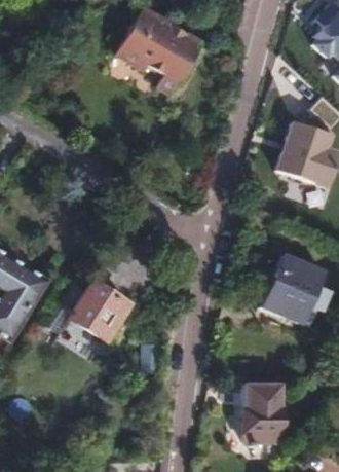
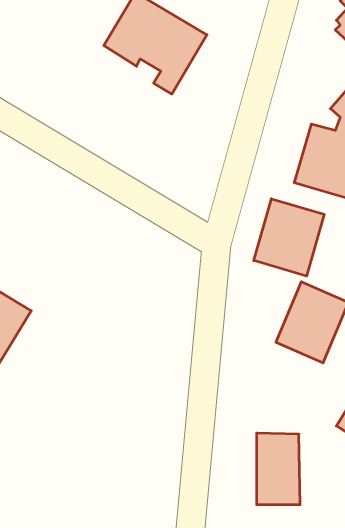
building: none -> [254,199,324,276]
building: [74,286,130,342] -> none

